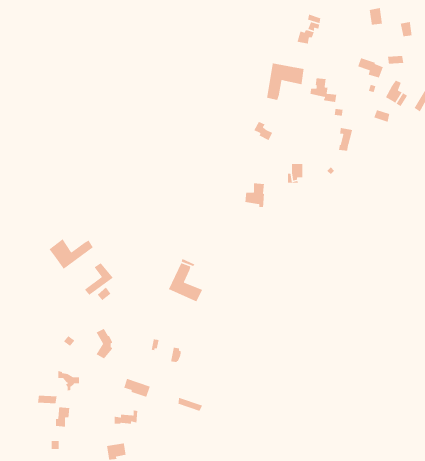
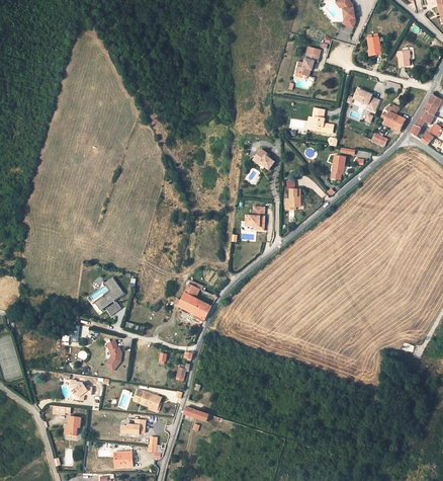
building: [266,63,304,101] -> none
building: [49,238,94,270] -> none

